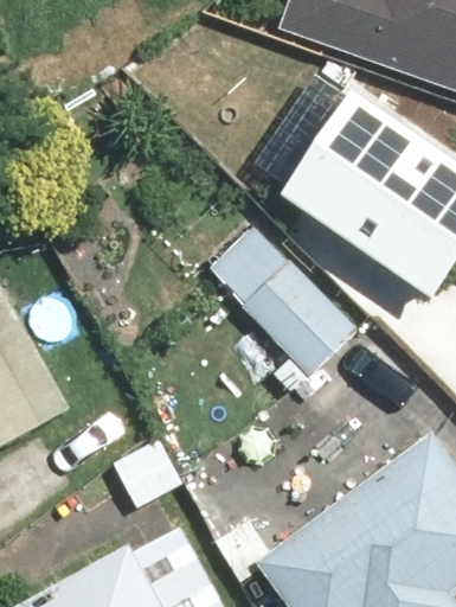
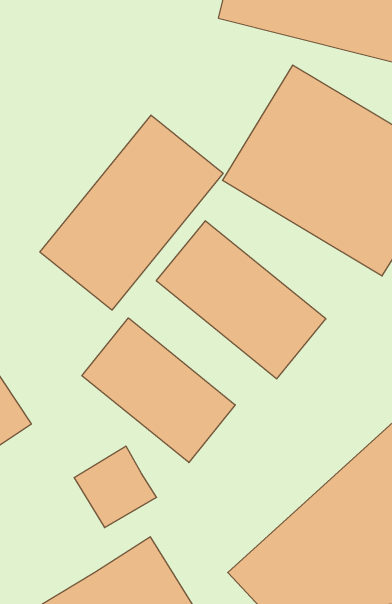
building: none -> [40,115,223,310]
building: none -> [82,318,235,463]

